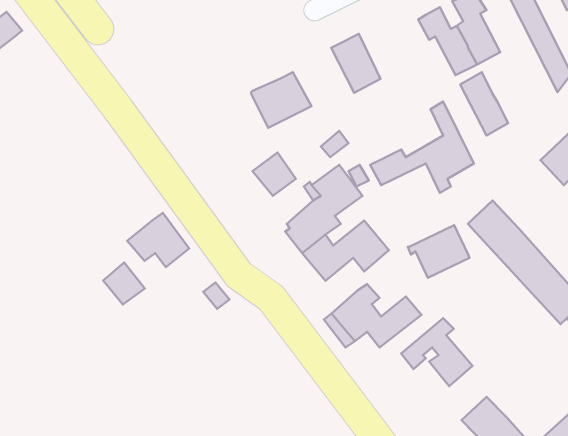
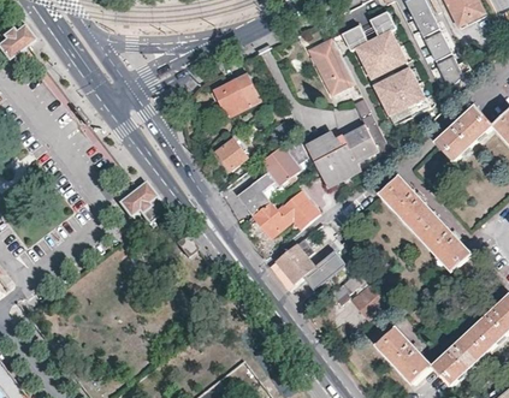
building: [331,34,381,93] -> [313,44,351,90]
building: none -> [391,66,430,114]
building: [408,225,470,278] -> [312,145,360,186]
building: [103,263,145,304] -> none

